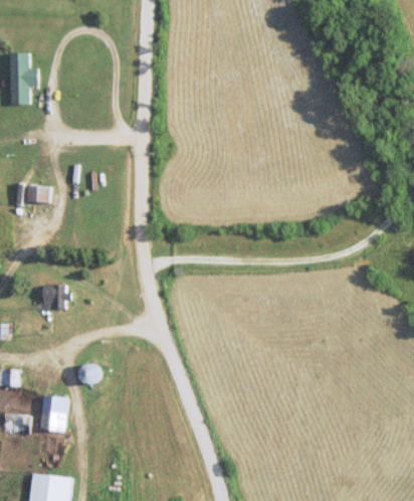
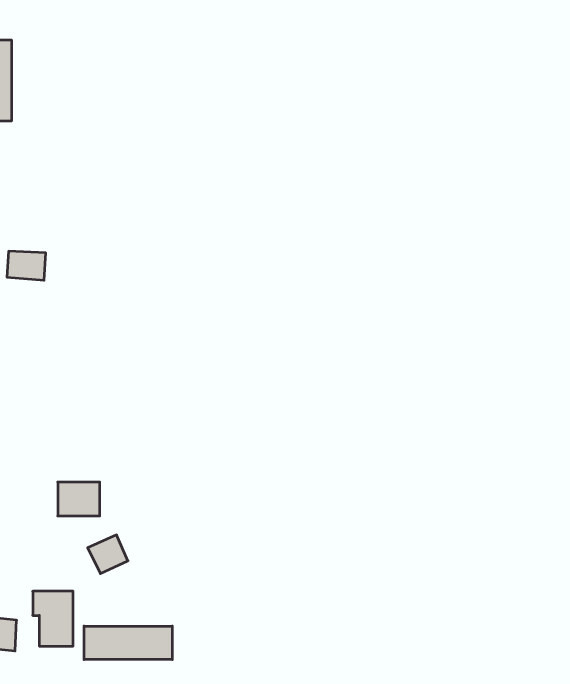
building: [42,287,68,308] -> [58,482,100,516]
building: none -> [84,626,172,660]

